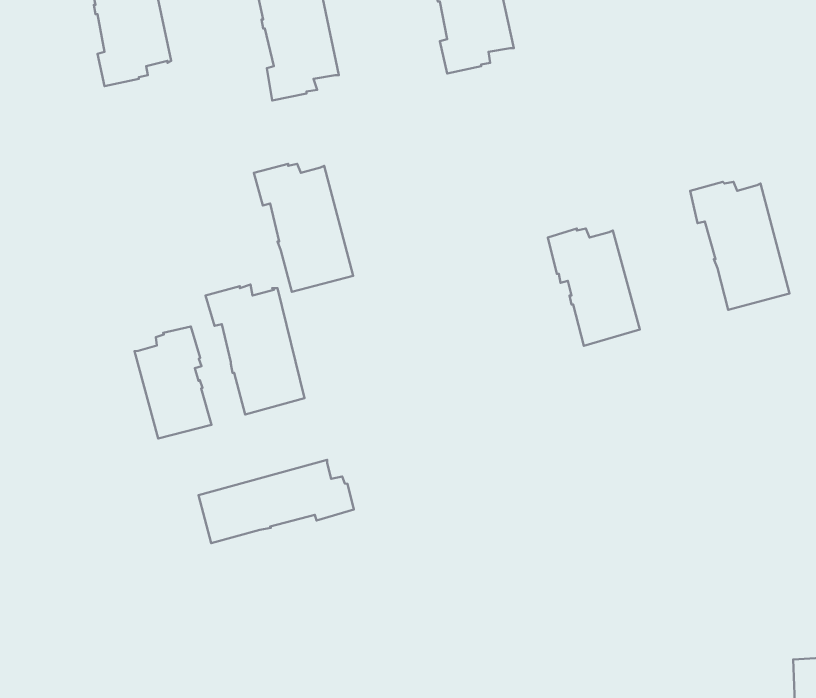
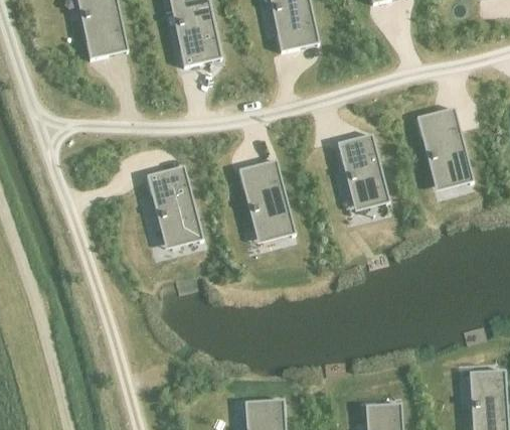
building: [254,164,353,292] -> [236,164,292,236]
building: [134,326,212,439] -> none
building: [198,460,354,543] -> none

